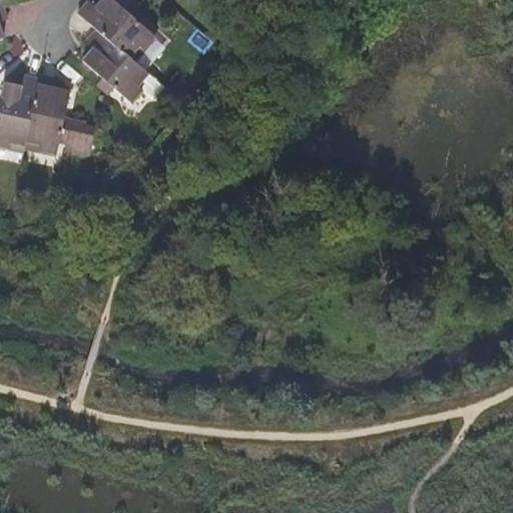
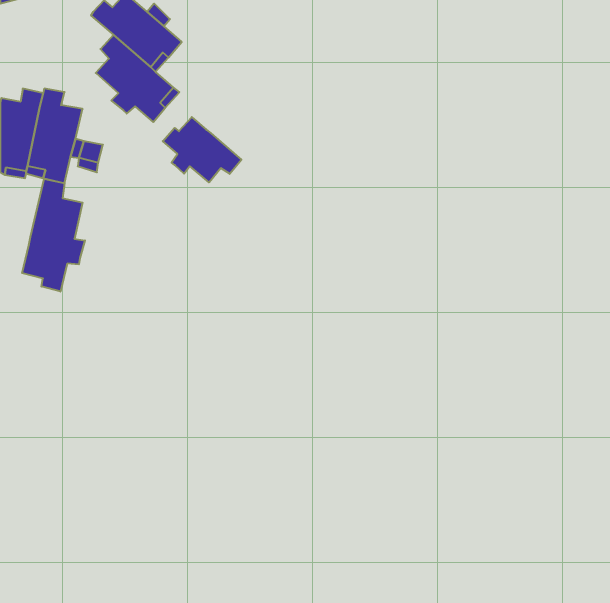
building: none -> [163,117,241,182]
building: none -> [22,179,85,292]

